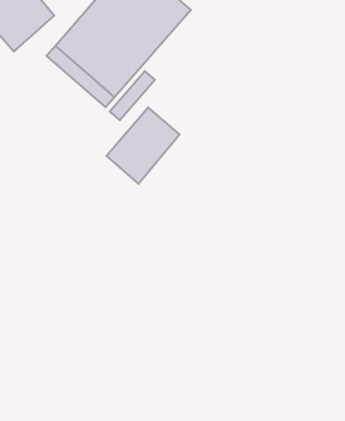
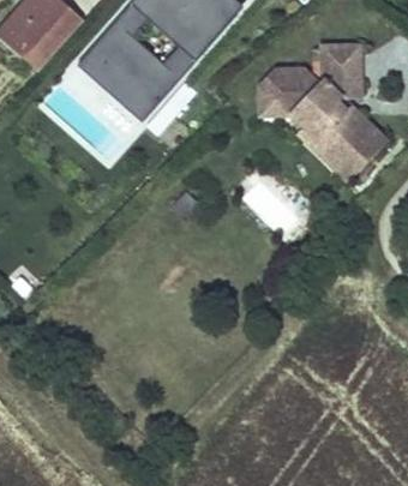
building: none -> [259,41,384,174]
building: [106,107,180,184] -> none

